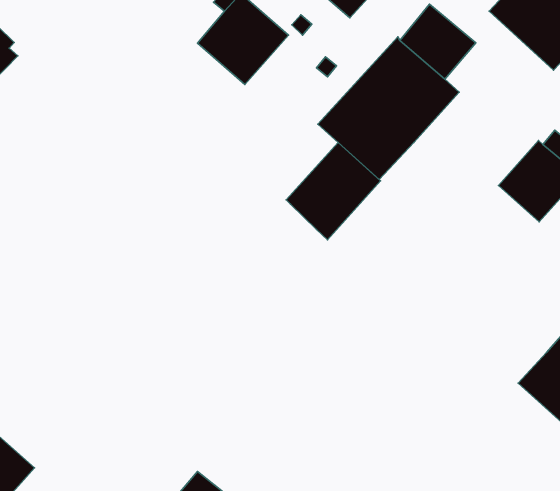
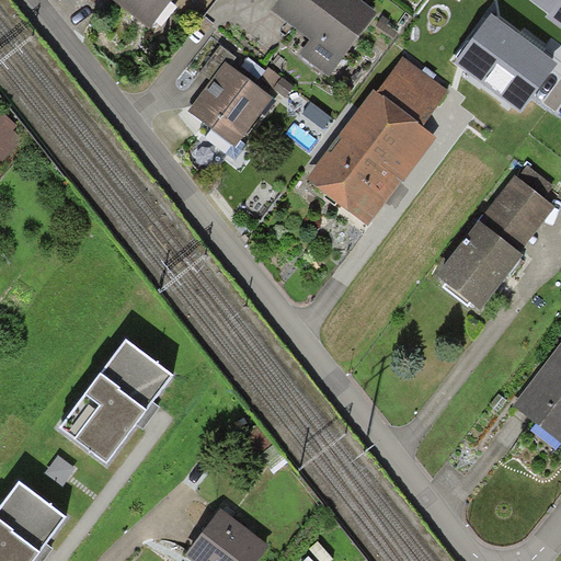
building: [286,142,381,240] -> none
building: none -> [435,221,523,311]
building: none -> [59,342,172,465]

